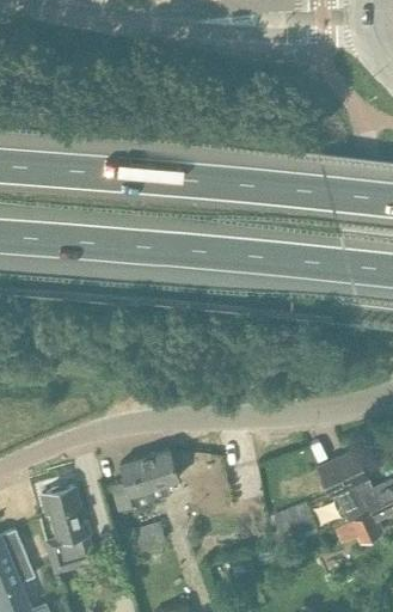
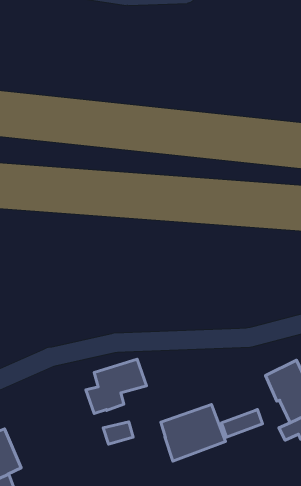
building: [42,484,94,574] -> none
building: none -> [161,404,226,461]

